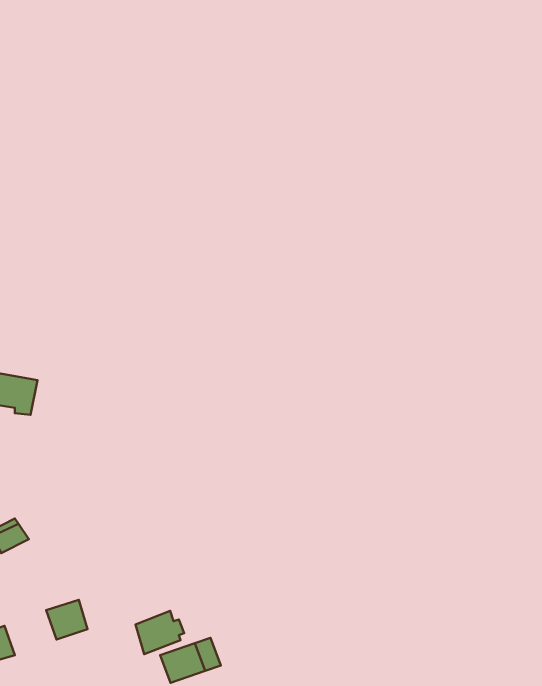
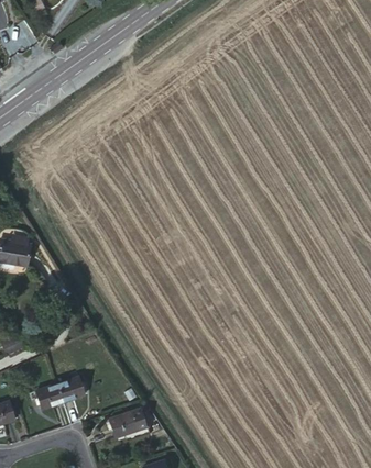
building: [136,611,184,654] -> [56,376,87,403]

